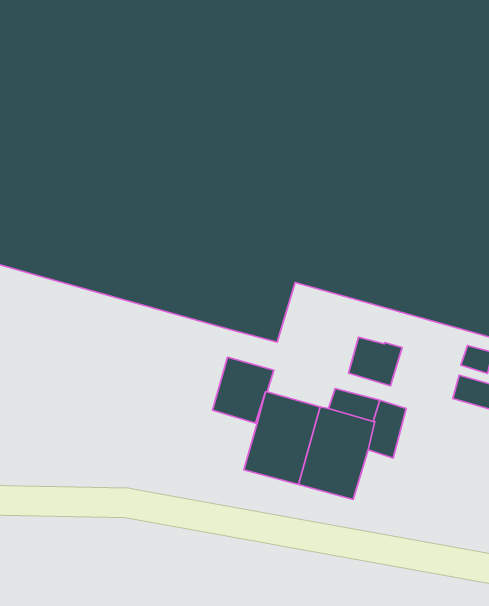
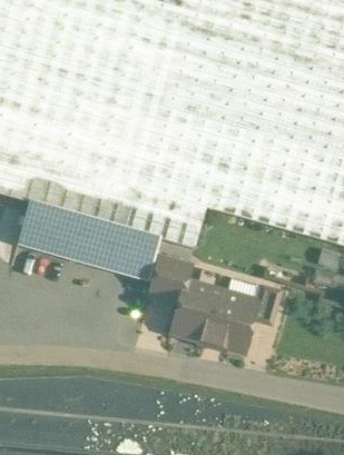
building: none -> [21,202,160,278]
building: [349,337,402,386] -> none

